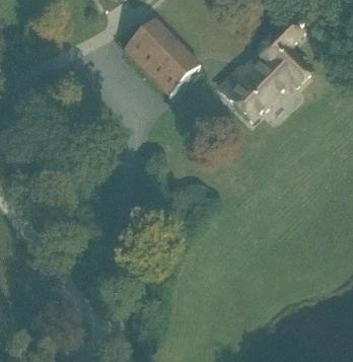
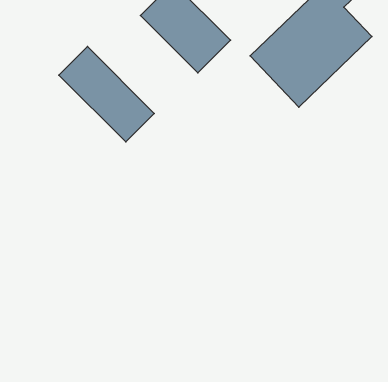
building: none -> [59,47,154,142]

